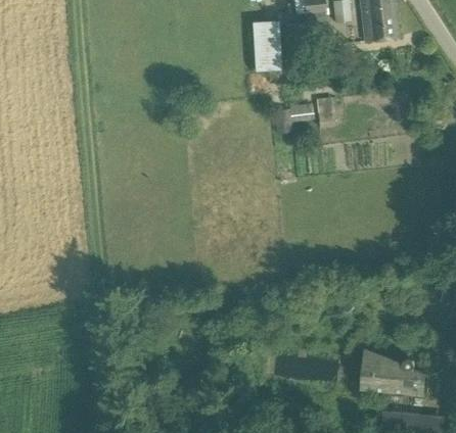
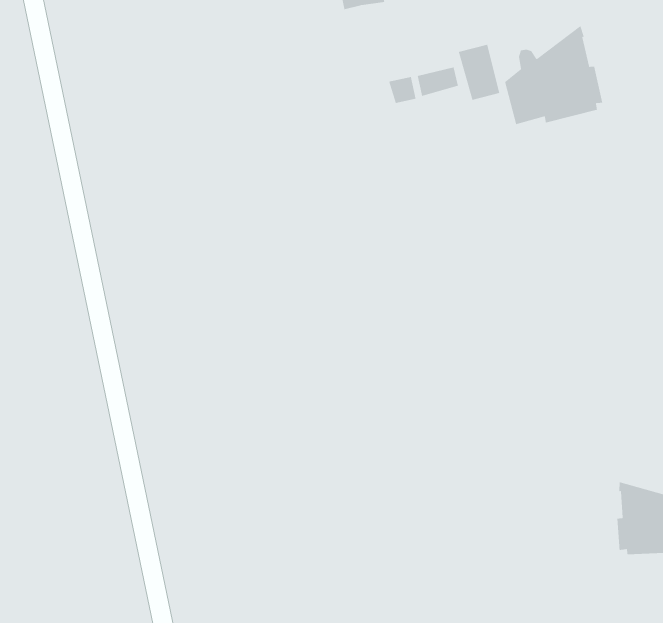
building: none -> [504,25,603,125]

